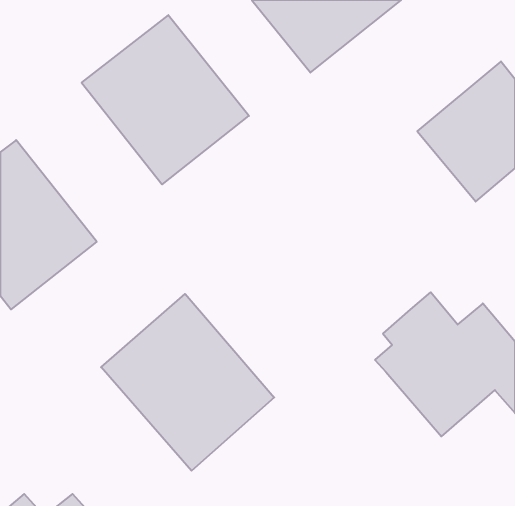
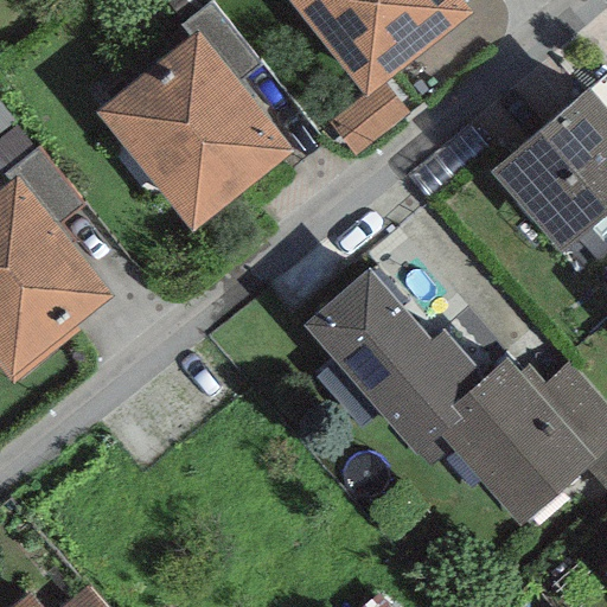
building: none -> [301,264,483,469]
building: [101,294,274,471] -> none

